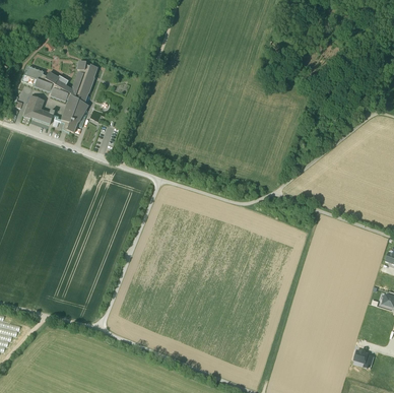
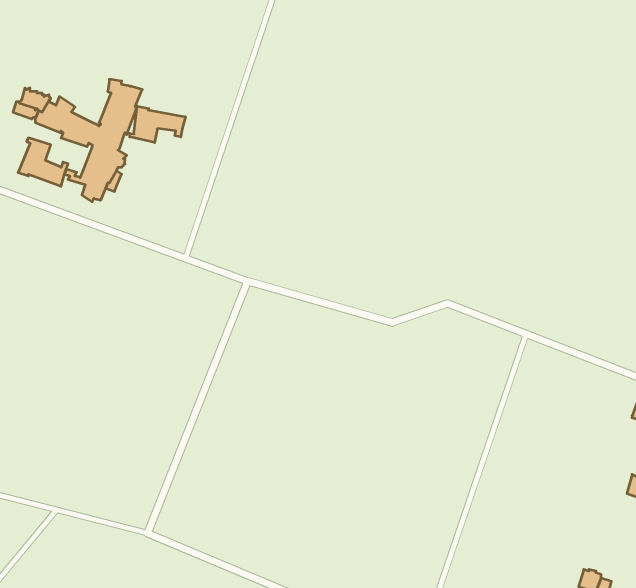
building: none -> [130,106,185,143]

